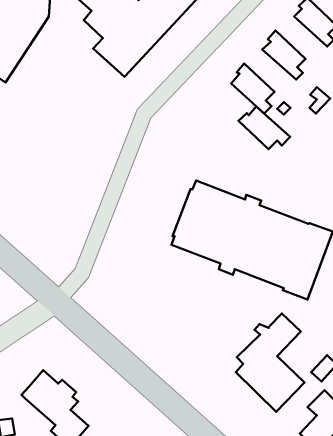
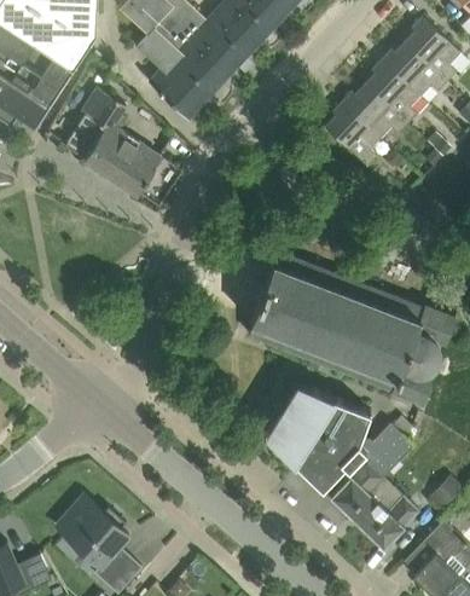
building: none -> [381,41,447,96]
building: none -> [64,85,161,193]
building: [238,107,290,149] -> [341,83,407,138]
building: none -> [267,384,370,488]

